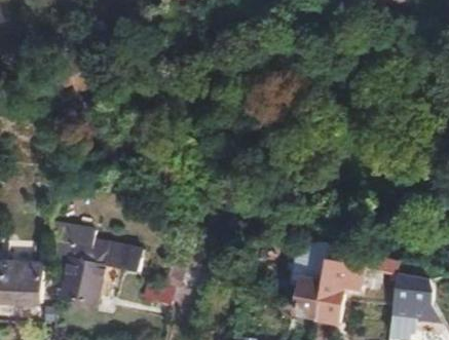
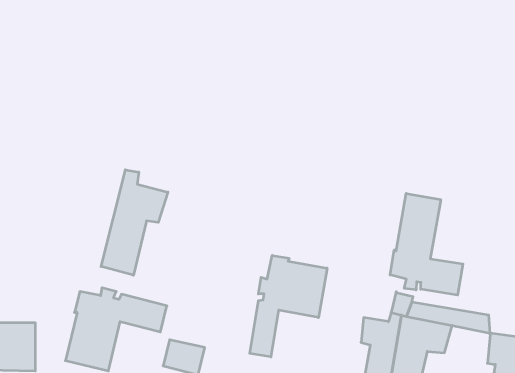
building: none -> [101,170,168,275]
building: none -> [390,193,463,295]
building: none -> [250,255,327,357]

